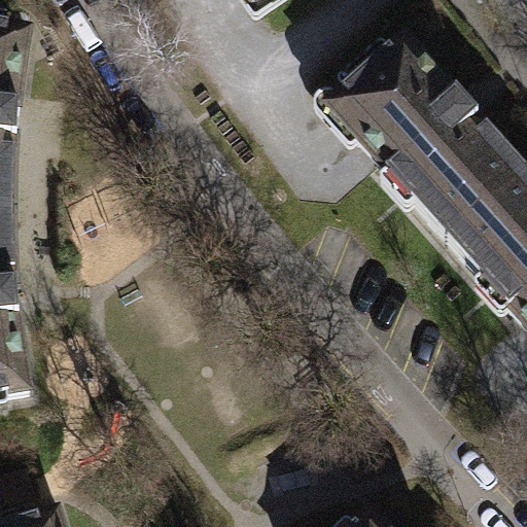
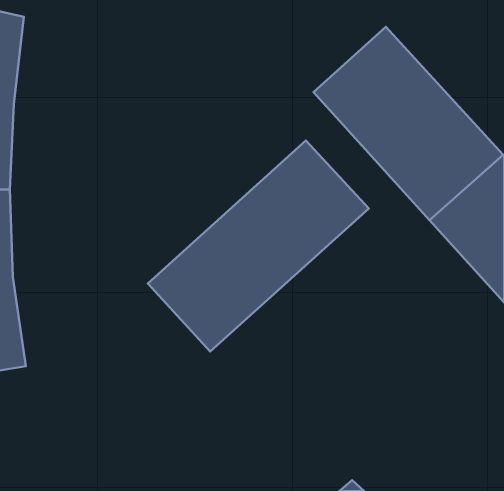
building: none -> [148,140,369,352]

